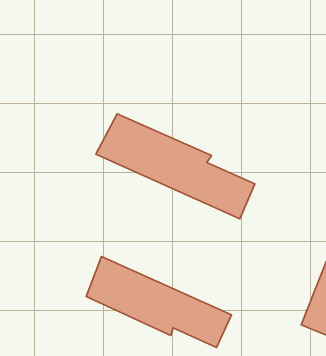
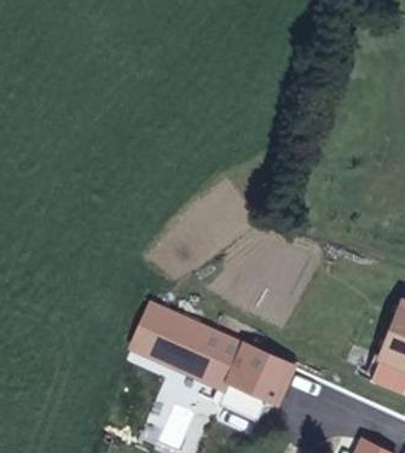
building: [96,114,255,219] -> none

